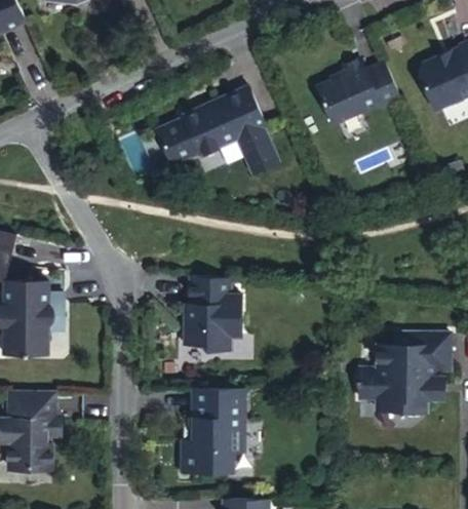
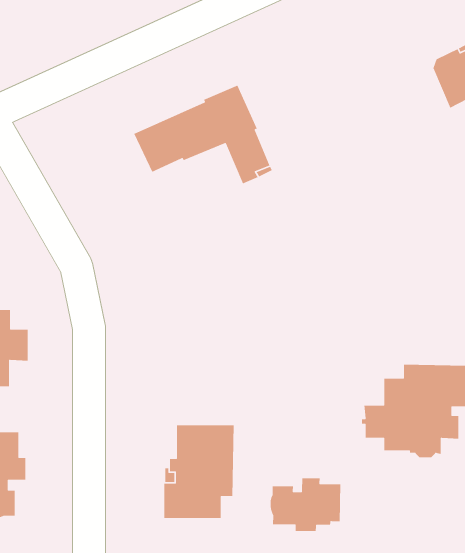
building: [318,61,401,125] -> none
building: [184,276,241,351] -> none
building: none -> [270,477,341,532]

